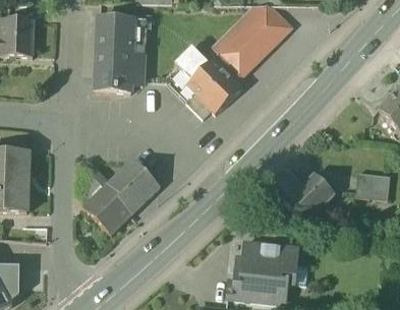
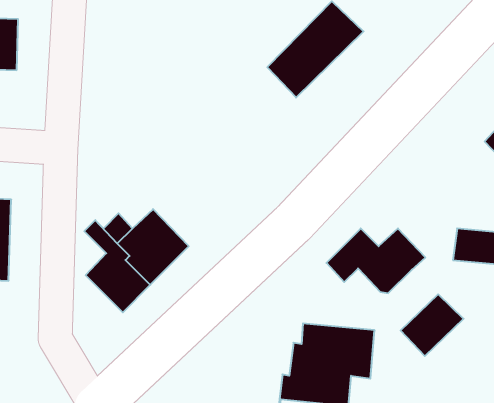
building: [96,17,134,92] -> none
building: [175,47,243,114] -> none
building: none -> [401,294,464,356]

